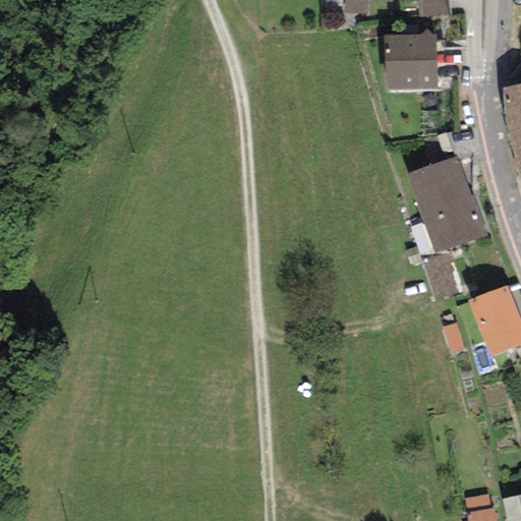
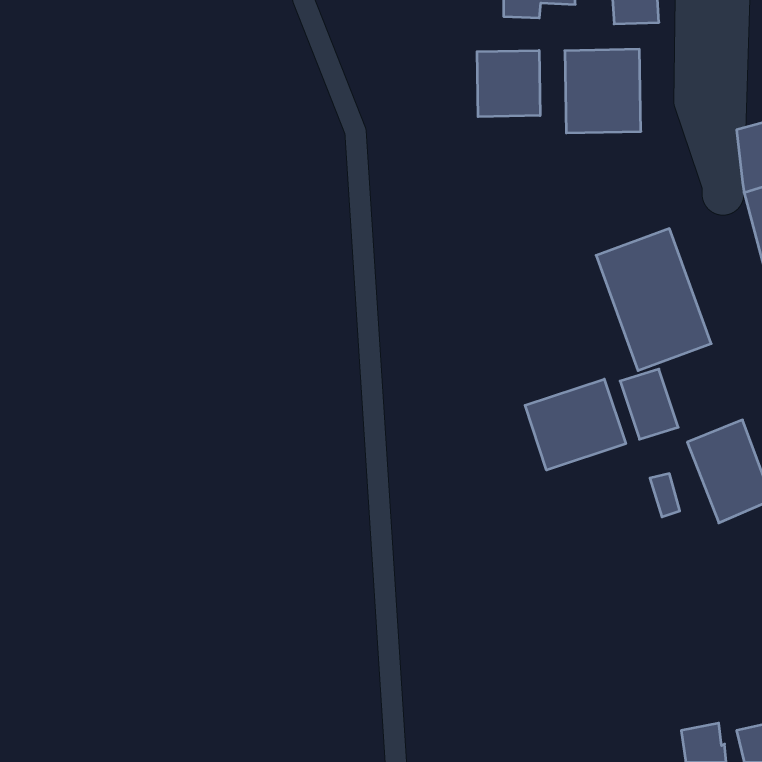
building: none -> [477,50,540,117]
building: none -> [525,379,626,470]

